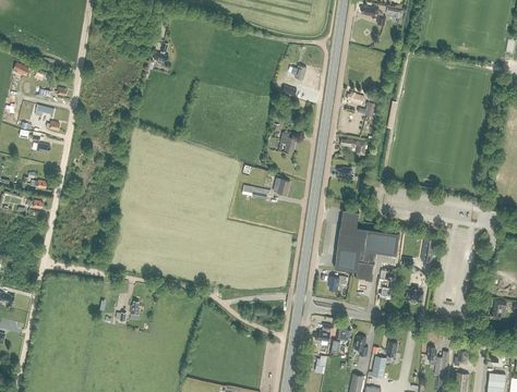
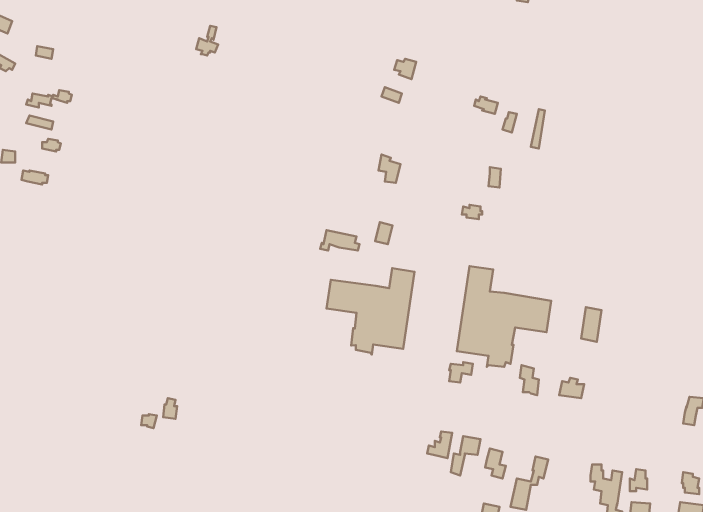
building: none -> [327,268,415,354]

